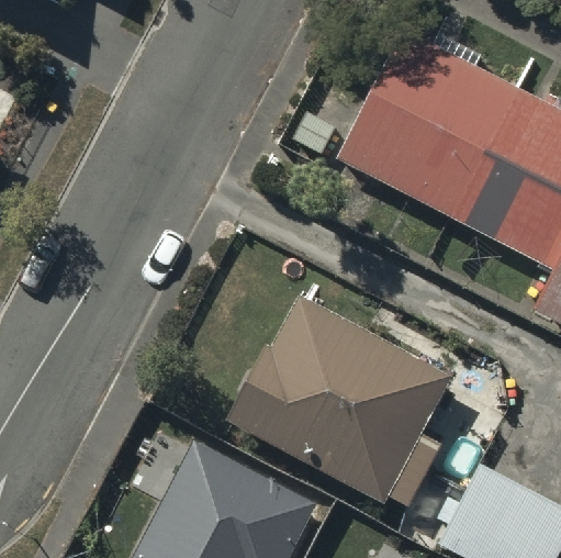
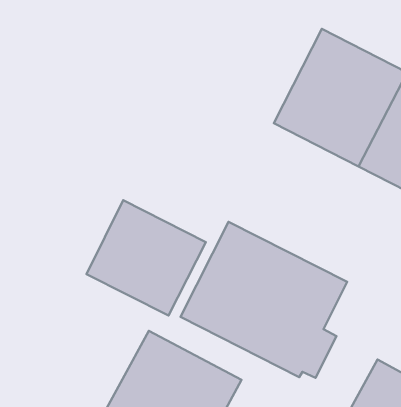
building: none -> [86,200,206,316]

